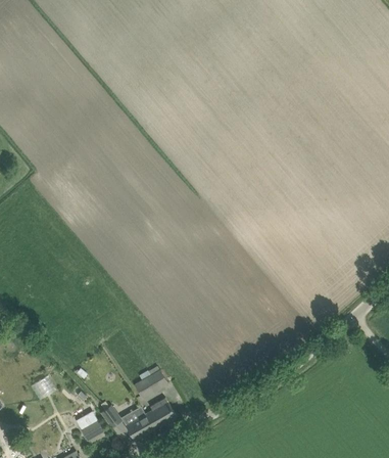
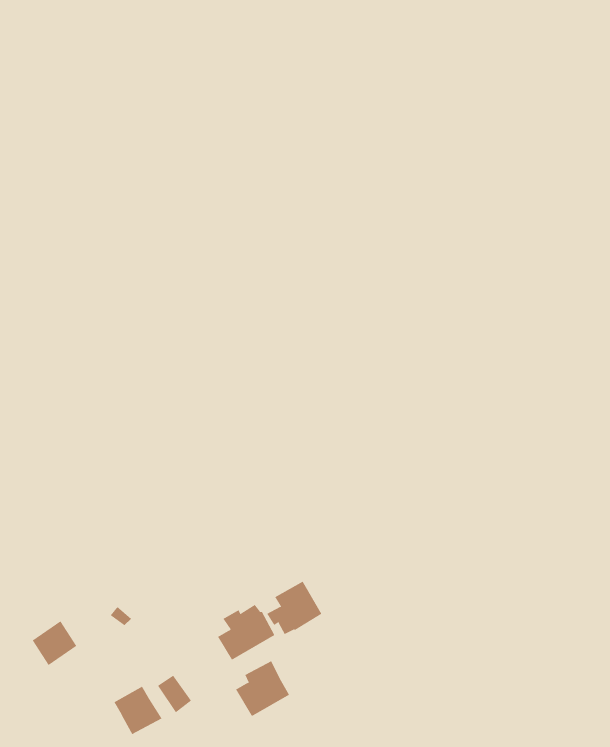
building: none -> [267,581,322,635]
building: [127,414,154,441] -> none

